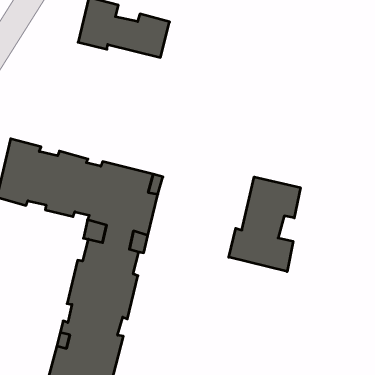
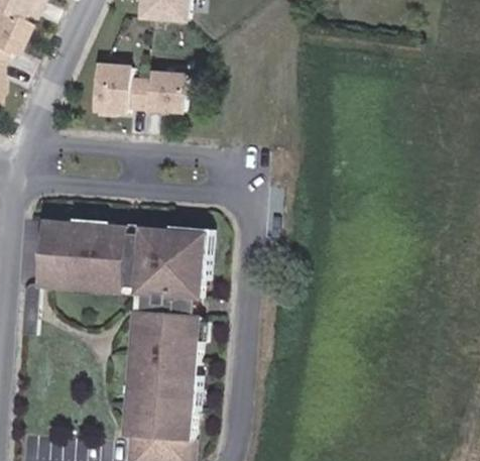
building: [229,177,300,272] -> none

